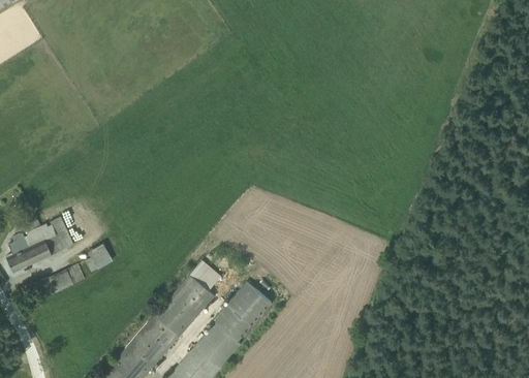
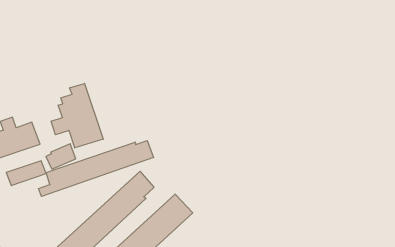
building: none -> [51,83,103,148]
building: none -> [39,141,153,196]

